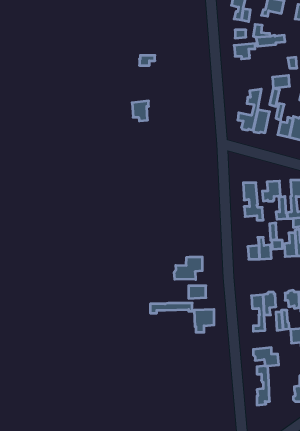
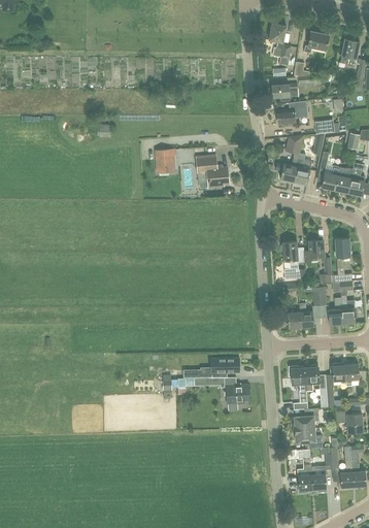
building: none -> [277,100,308,125]
building: none -> [191,150,229,188]
building: [174,257,202,280] -> none
building: none -> [293,408,318,430]
building: none -> [311,454,331,491]

